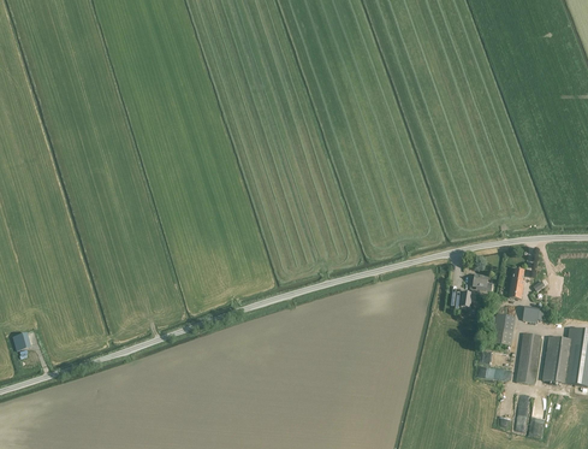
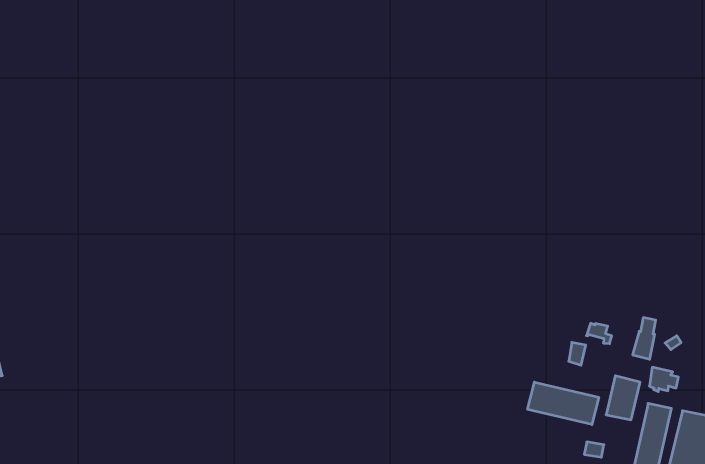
building: none -> [528,382,599,425]

